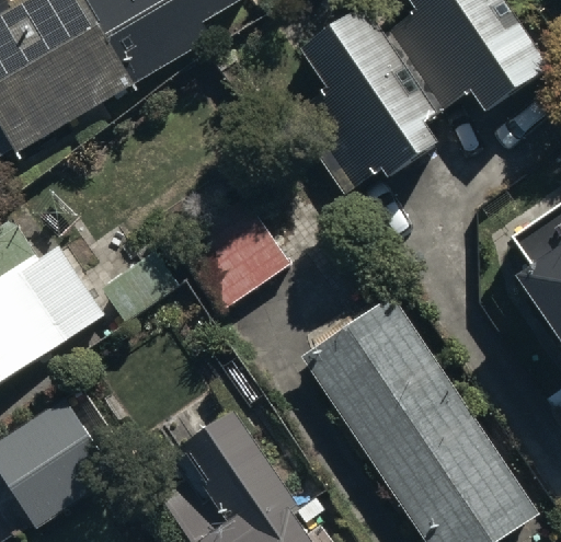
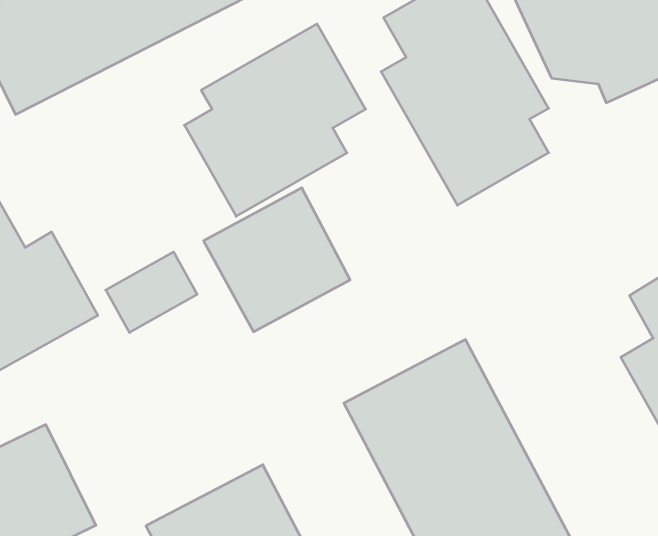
building: none -> [184,24,366,216]

